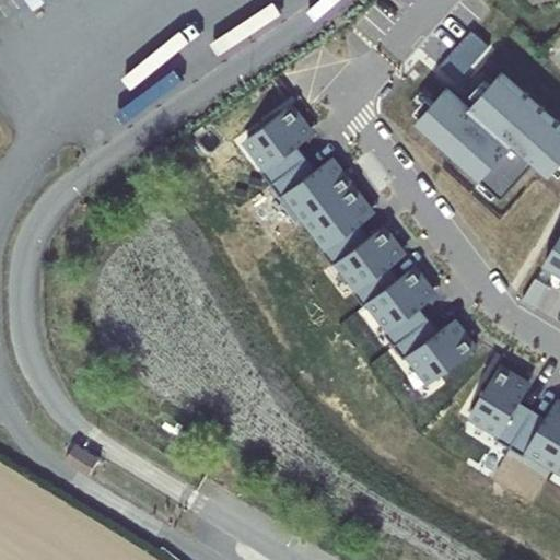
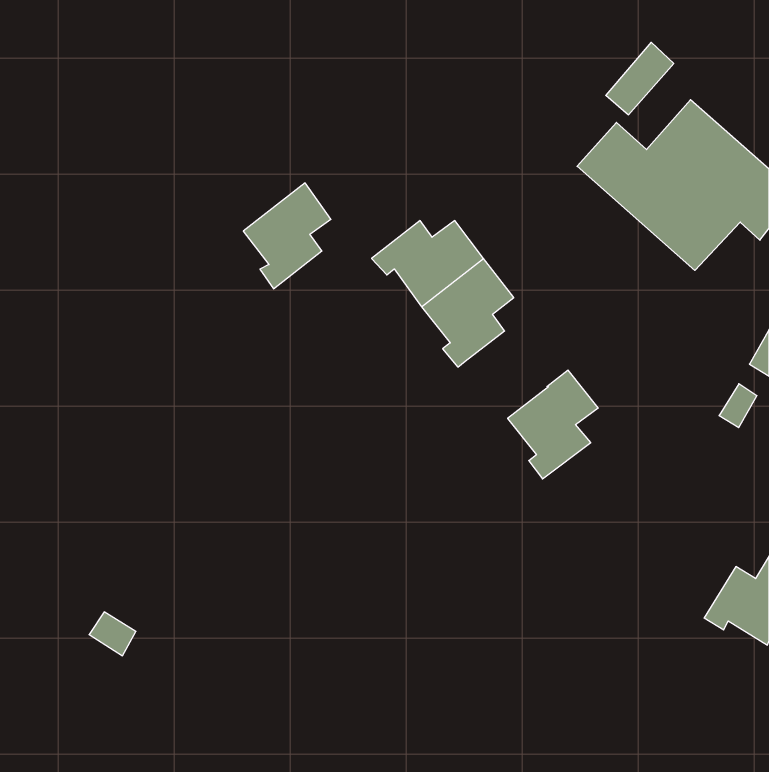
building: [247,110,311,187] -> [243,183,331,289]
building: [337,228,402,307] -> none
building: [393,320,475,383] -> none
building: [470,368,533,447] -> none

